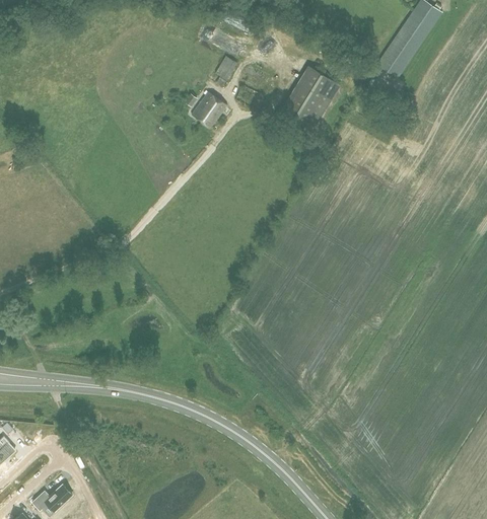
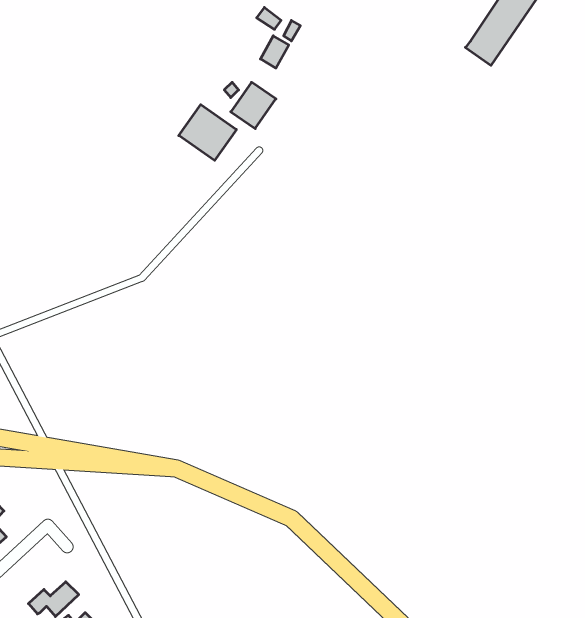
building: [285,67,340,129] -> none
building: none -> [179,105,236,160]

